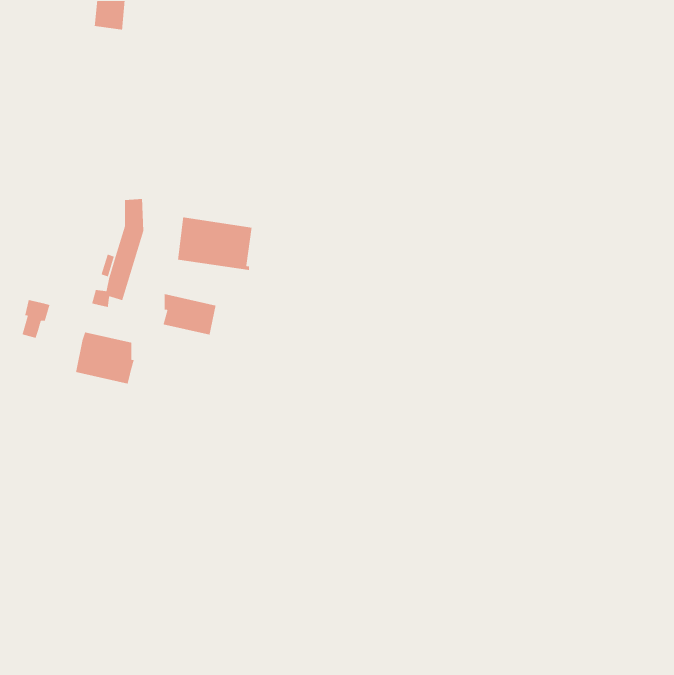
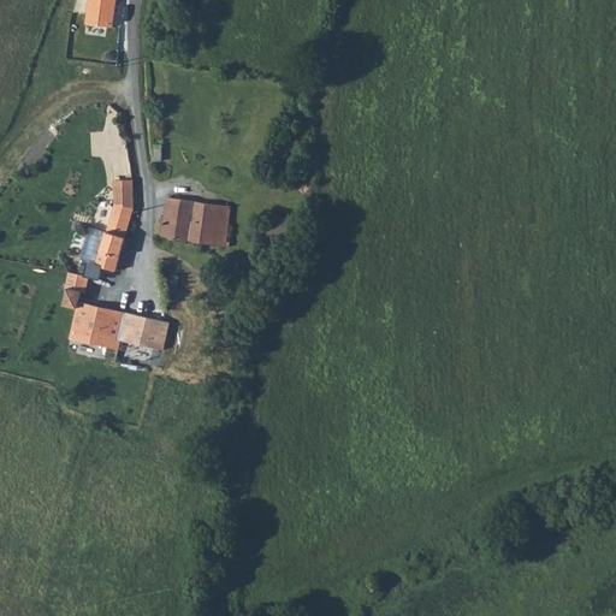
building: [162,293,217,335] -> [119,312,168,350]
building: [22,299,51,339] -> [61,273,88,309]

